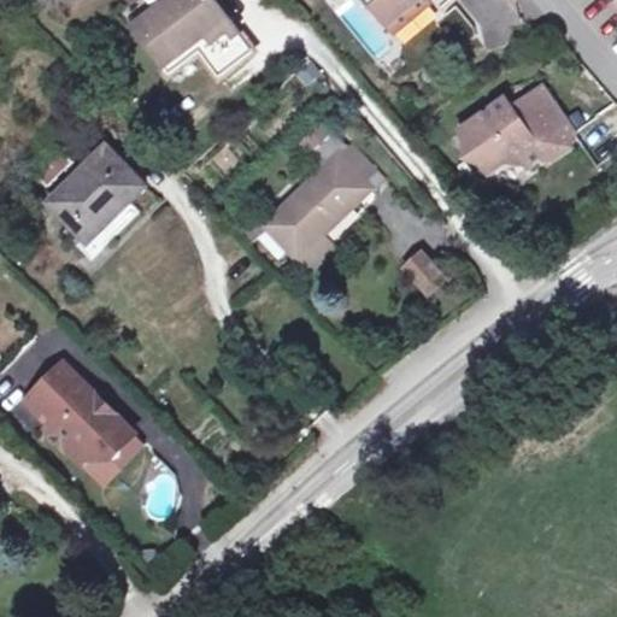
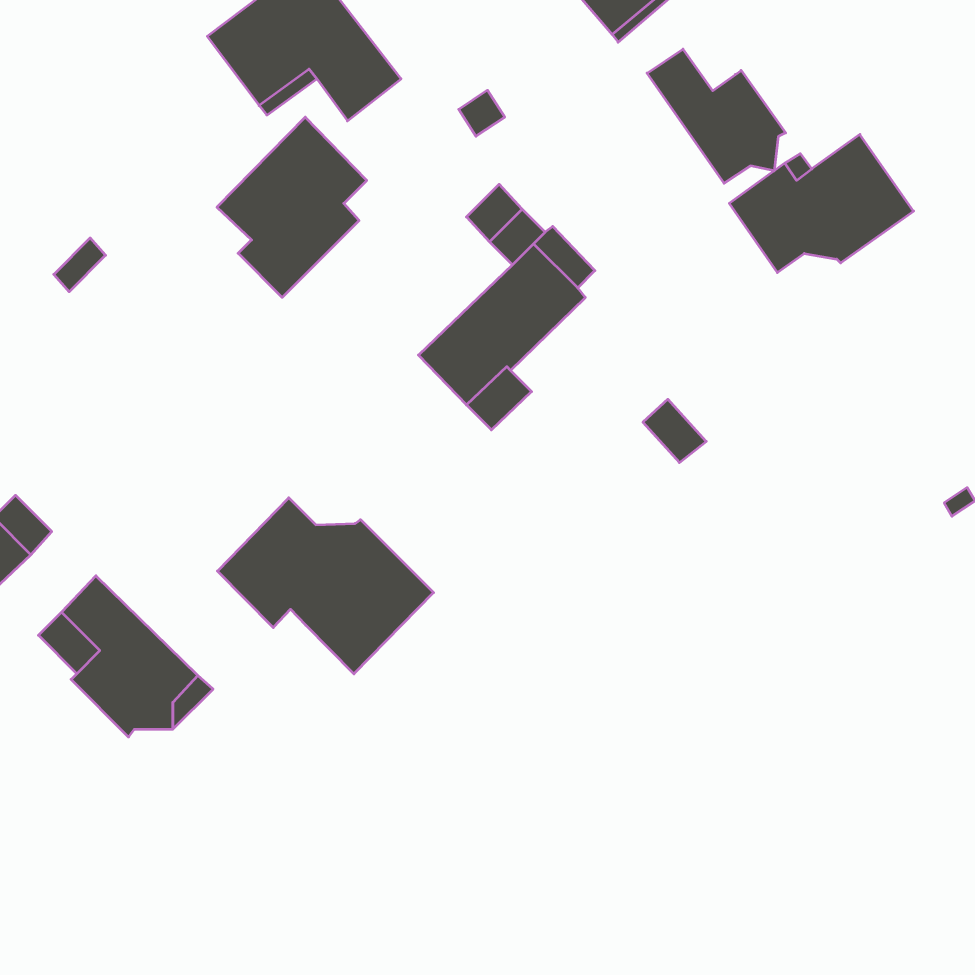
building: none -> [647,49,786,183]
building: [47,145,141,258] -> [217,117,367,297]
building: none -> [217,498,434,674]

